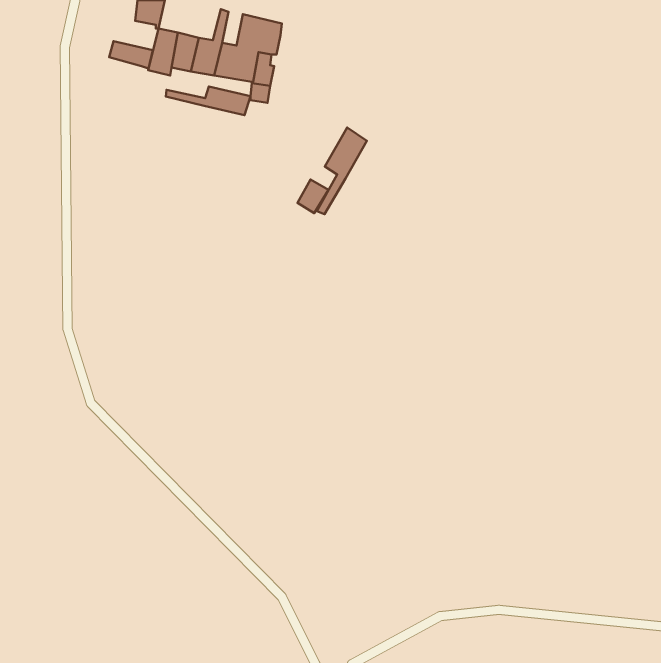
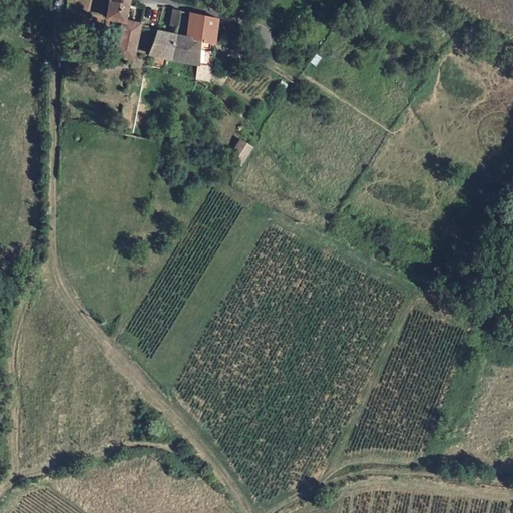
building: [109,41,153,68] -> none
building: [166,87,251,115] -> none
building: [317,127,367,214] -> none

